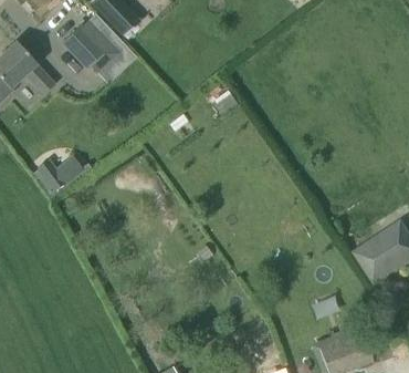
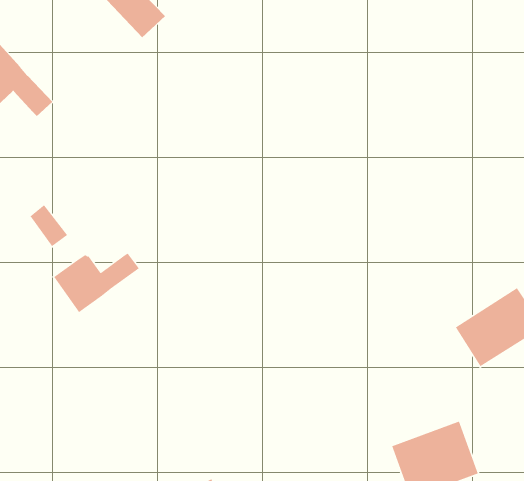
building: [62,21,117,72] -> none
building: none -> [53,253,140,313]

